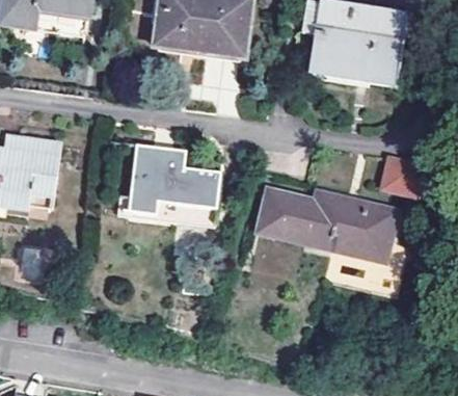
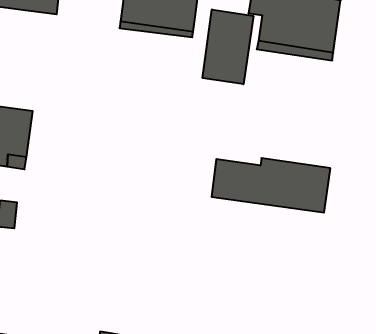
building: none -> [203,9,253,84]
building: [126,142,222,222] -> none
building: [380,155,428,195] -> none

